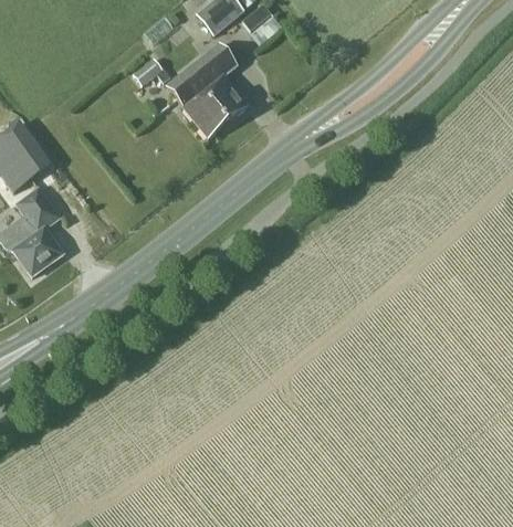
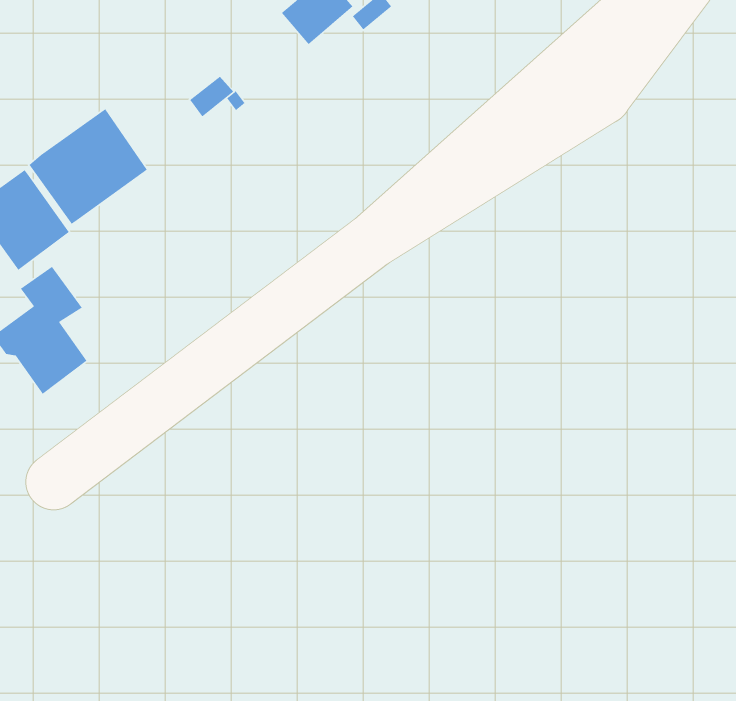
building: [166,43,248,137] -> none
building: none -> [29,108,148,225]

